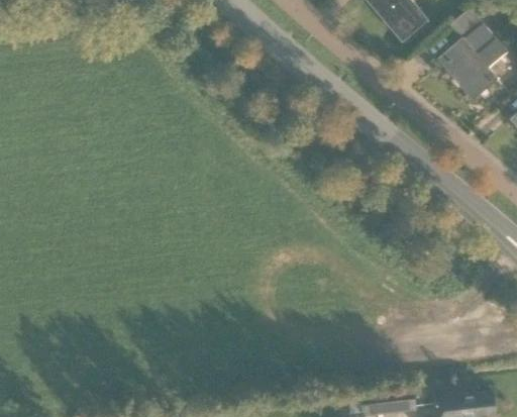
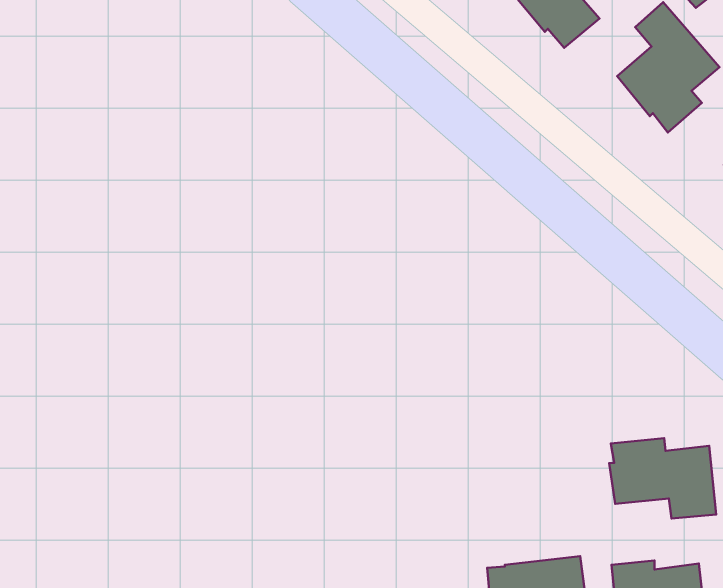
building: none -> [609,438,716,518]

